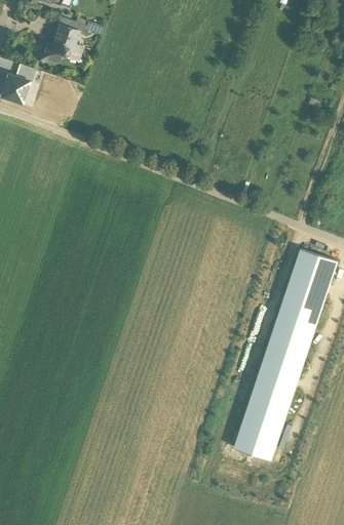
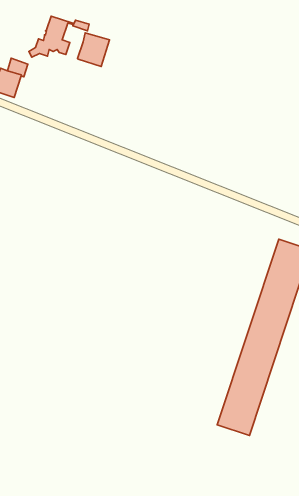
building: none -> [77,33,110,66]

